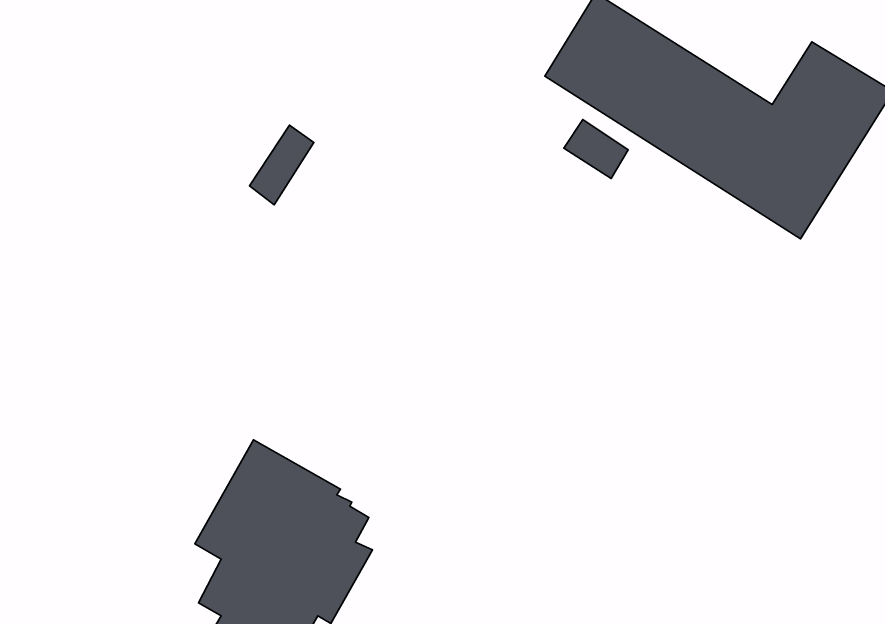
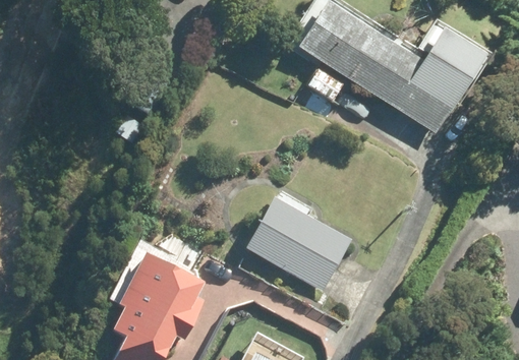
building: none -> [246,191,353,291]

